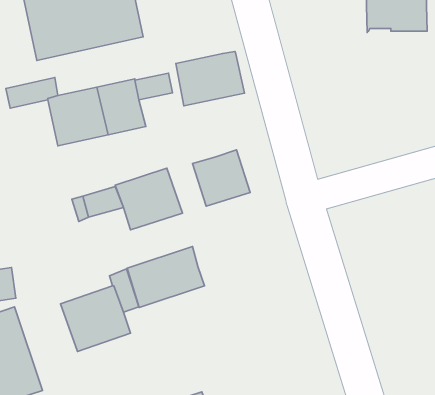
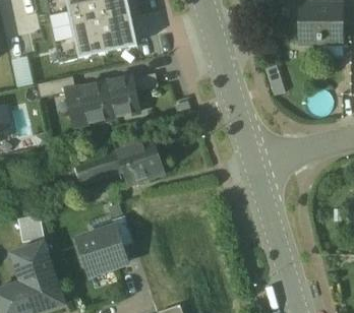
building: [176,51,245,106] -> none
building: [192,150,250,206] -> none
building: [127,246,205,308] -> none

